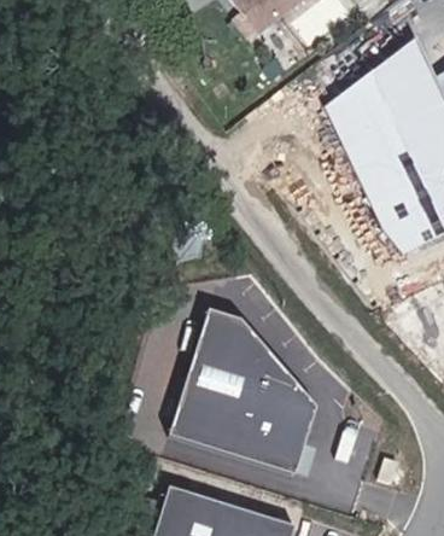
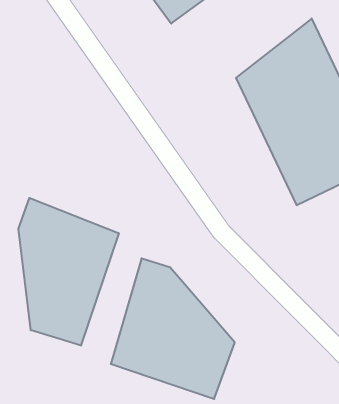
building: none -> [19,198,119,346]

